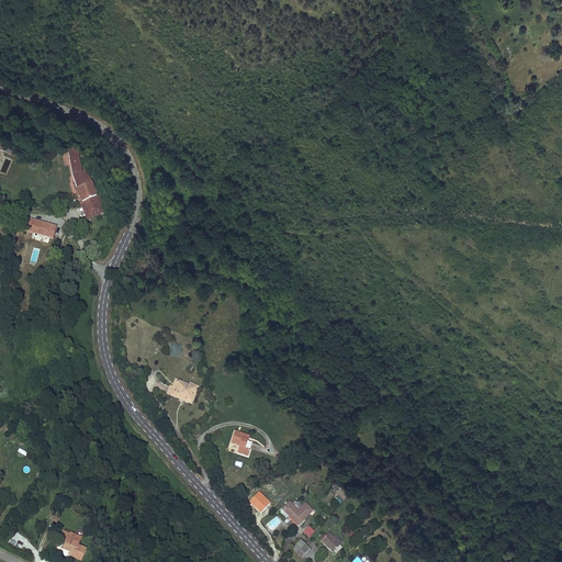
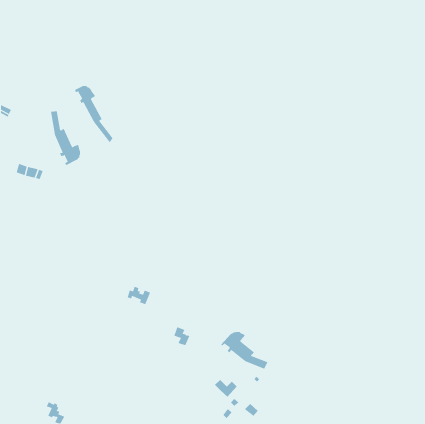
building: none -> [74,85,113,143]
building: none -> [220,331,268,369]

